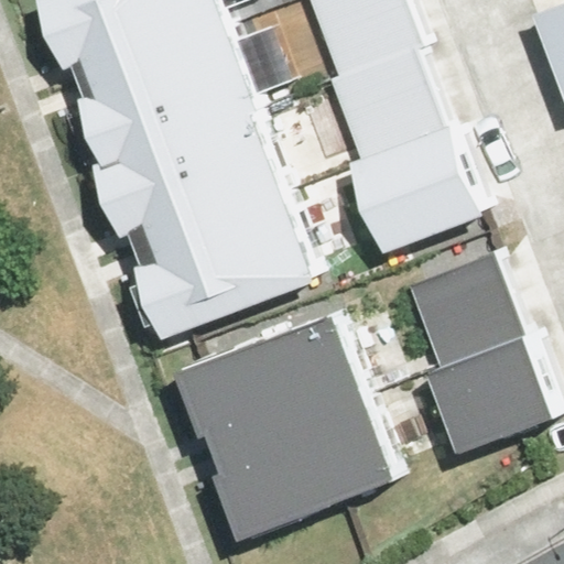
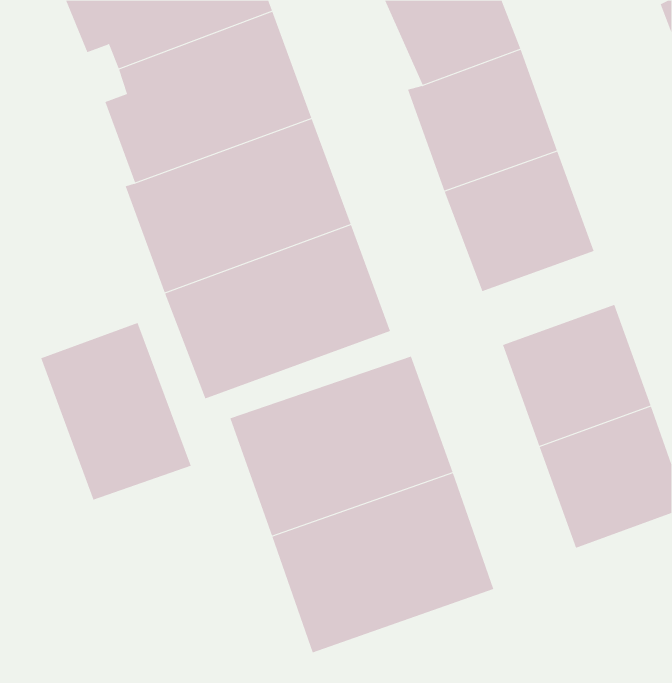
building: none -> [40,322,191,500]

